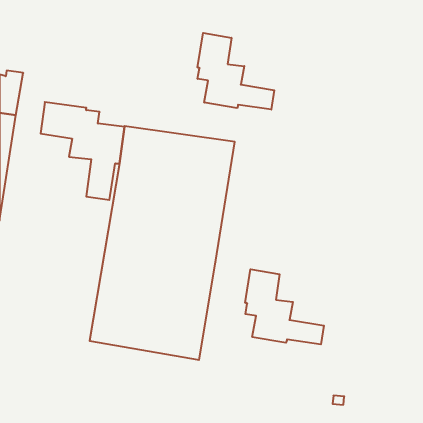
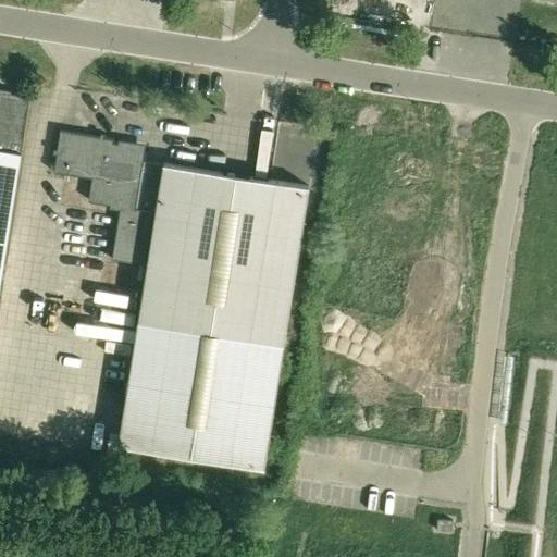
building: [197,33,274,110] -> none
building: [245,269,324,344] -> none

